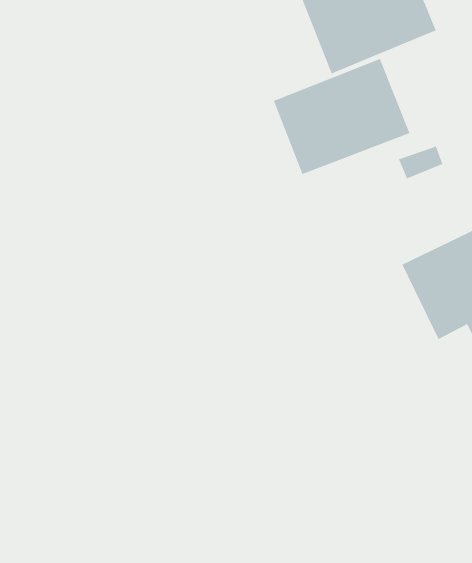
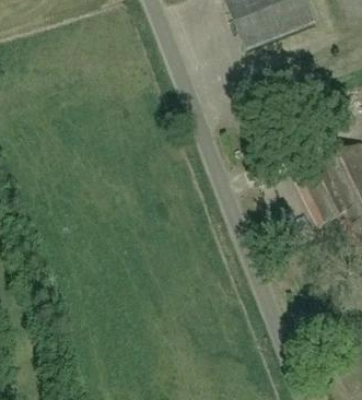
building: [273,58,410,175] -> none

